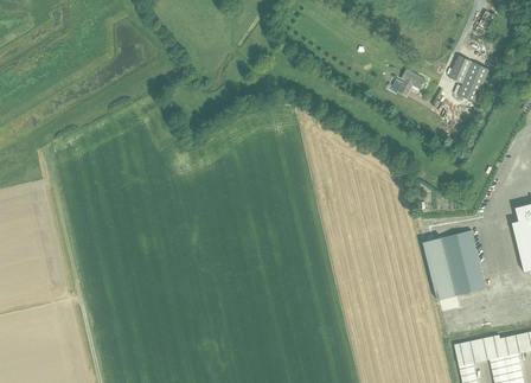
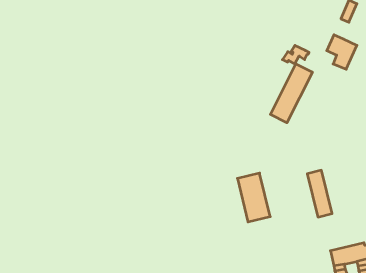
building: none -> [270,64,312,123]
building: [442,230,486,295] -> [237,173,270,222]

